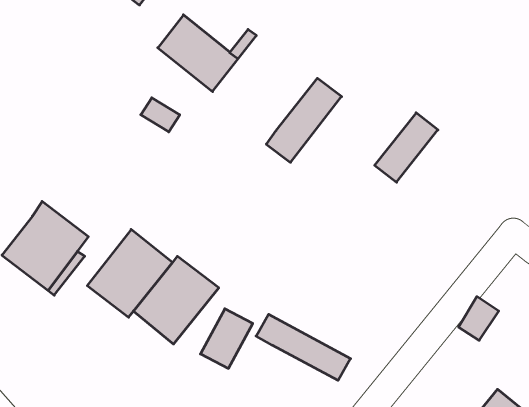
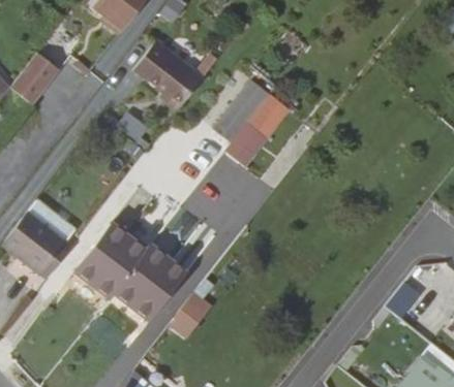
building: none -> [9,53,59,105]
building: [375,113,438,182] -> [216,80,270,139]
building: [256,314,351,380] -> none

